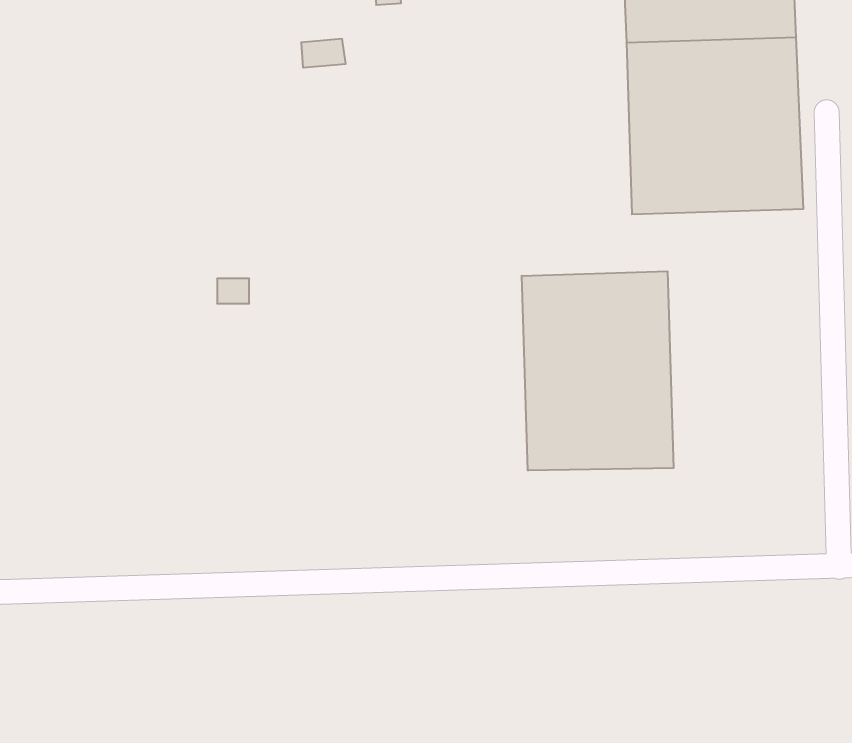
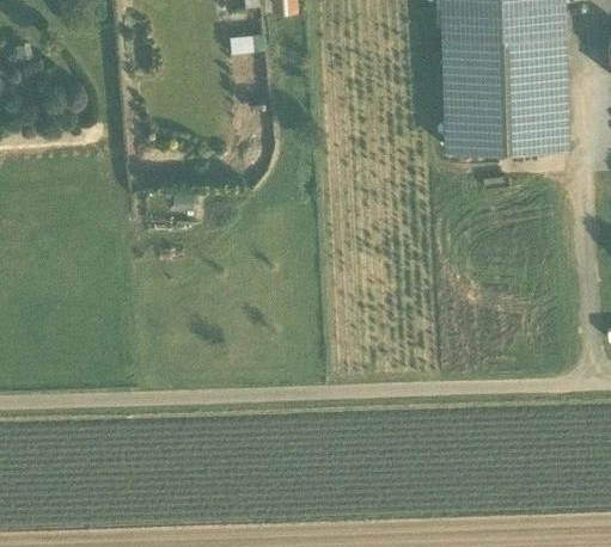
building: [522,271,674,471] -> none

